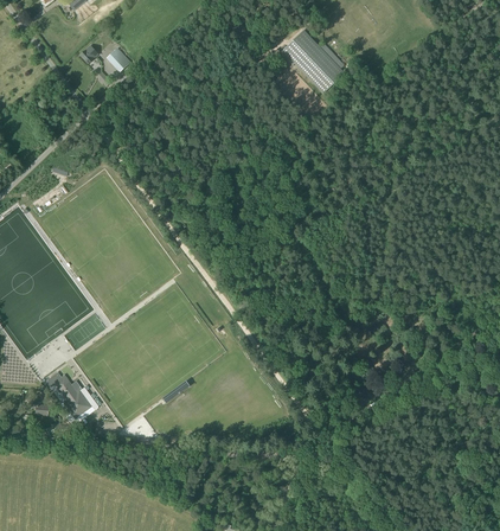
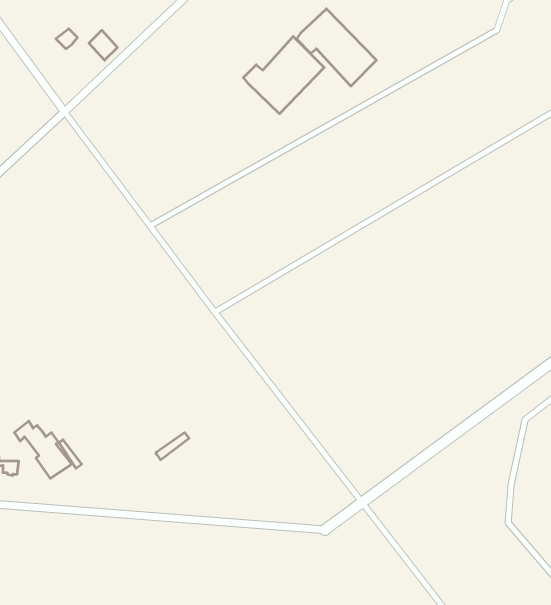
building: none -> [243,36,324,114]

